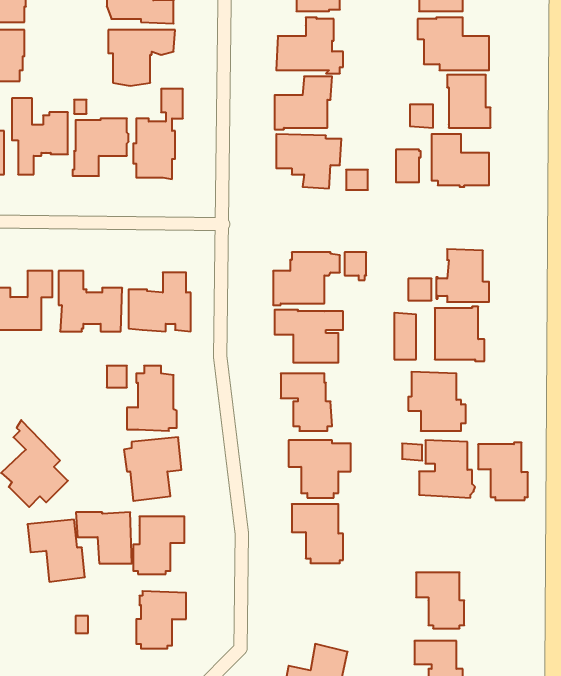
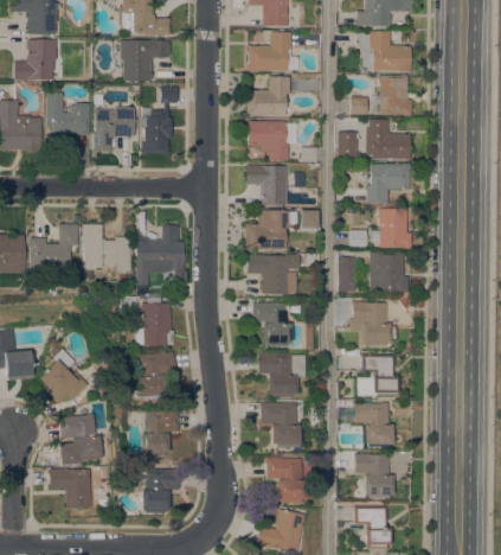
building: none -> [367,164,411,204]
building: none -> [246,166,288,205]
building: [478,443,528,500] -> [355,402,393,446]
building: [76,512,132,563] -> [50,468,92,508]
building: none -> [266,455,306,503]

